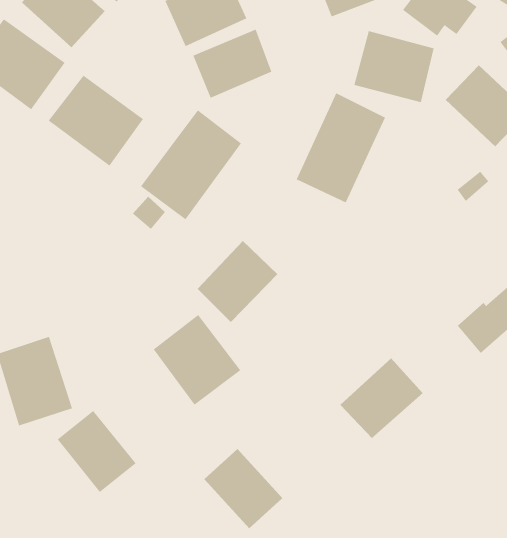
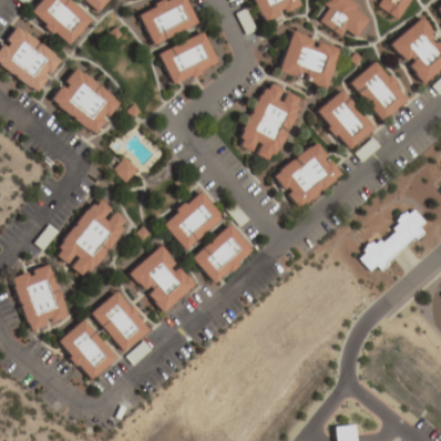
building: none -> [317,89,376,151]
building: [140,109,242,220] -> [54,196,131,279]
building: none -> [274,141,345,208]
building: [339,358,424,439] -> [192,224,255,285]
building: [203,448,283,529] -> [91,291,151,352]

